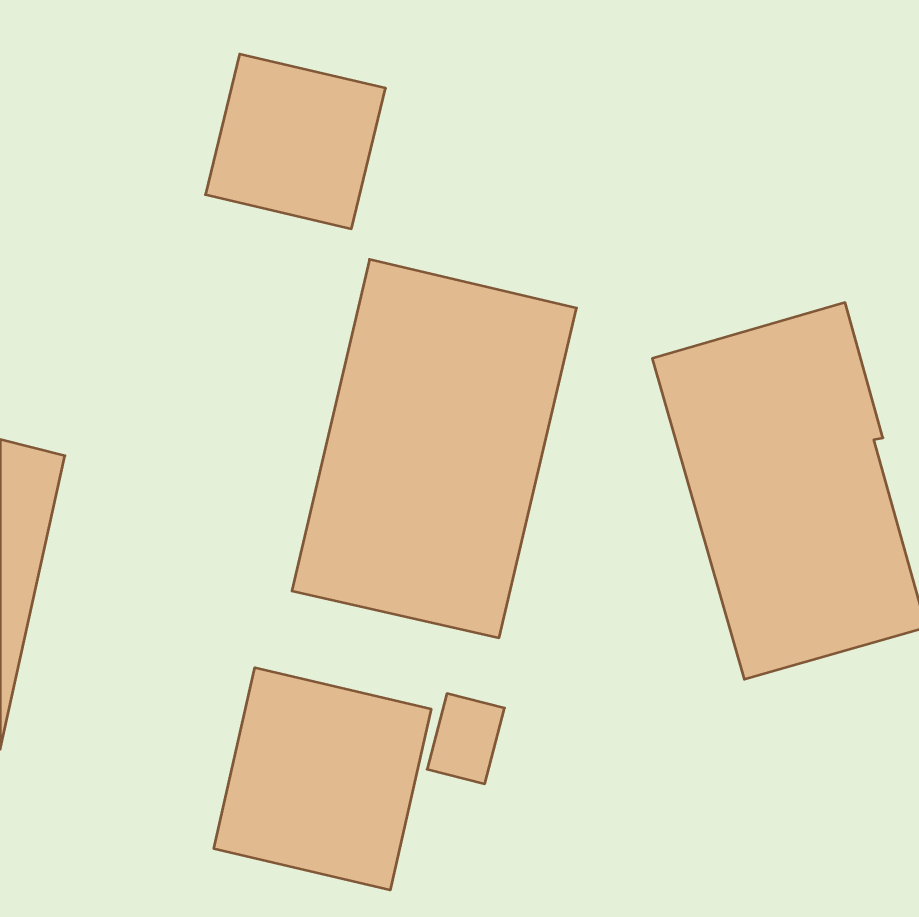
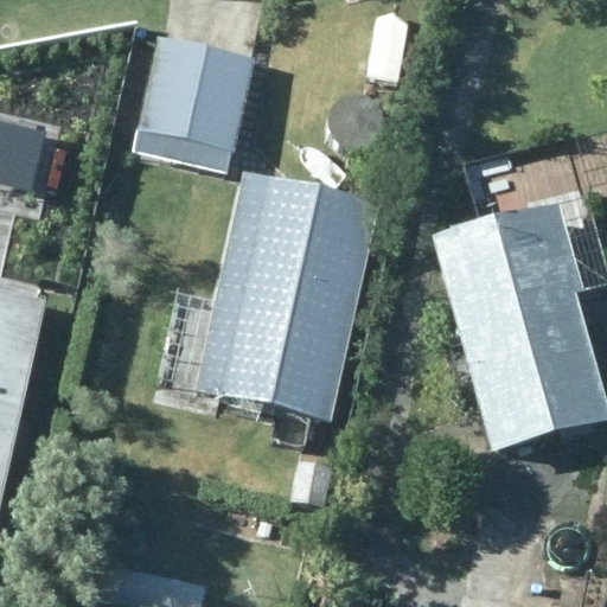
building: [214,668,431,890] -> none

